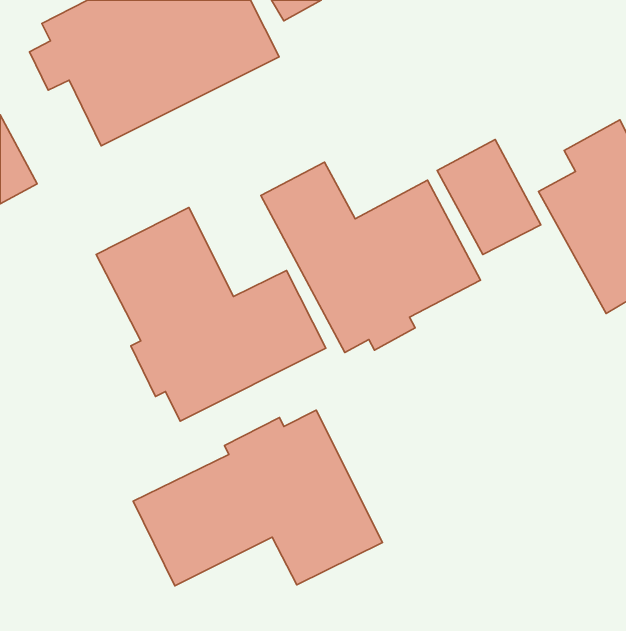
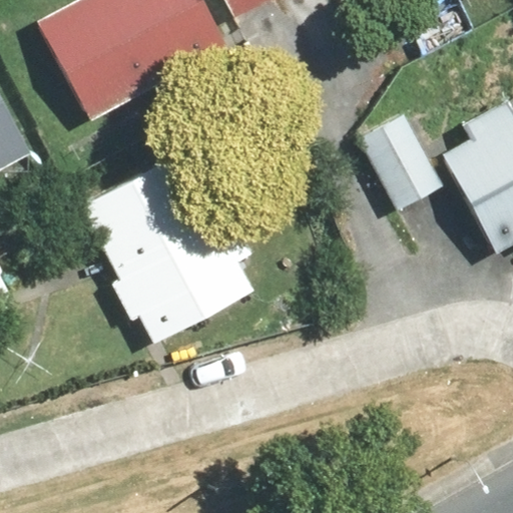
building: [261,162,481,352] -> none
building: [133,410,382,586] -> none

